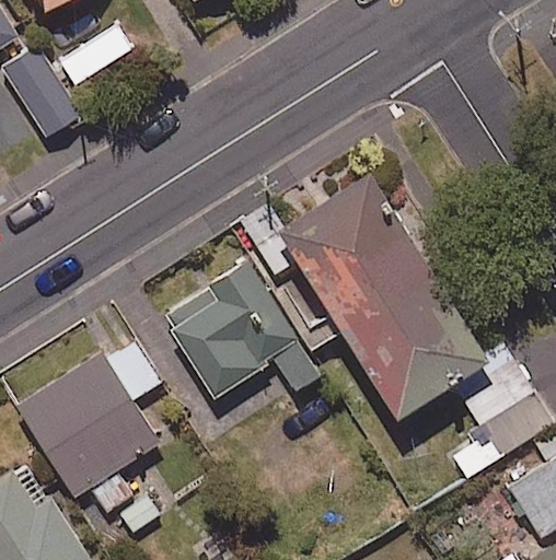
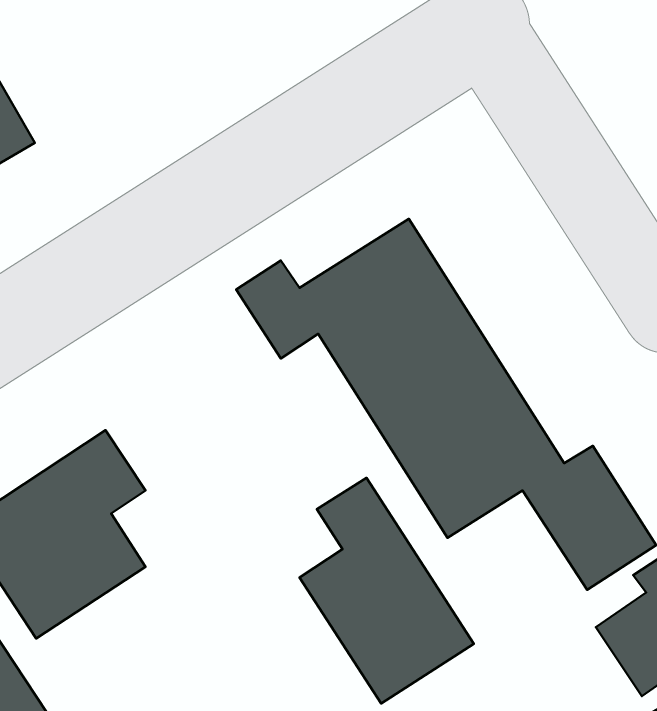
building: [160,266,318,400] -> none
building: none -> [300,478,474,704]

